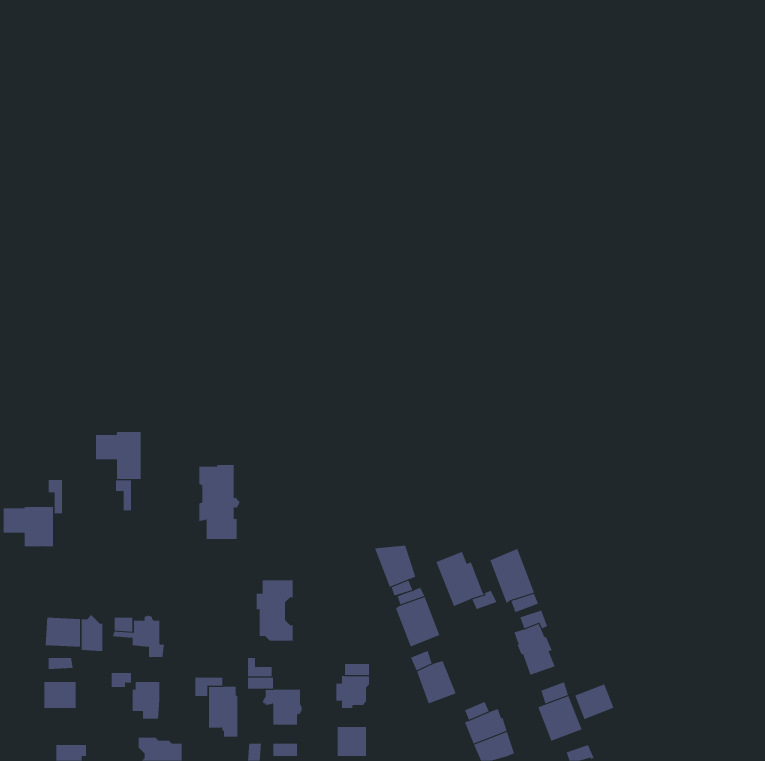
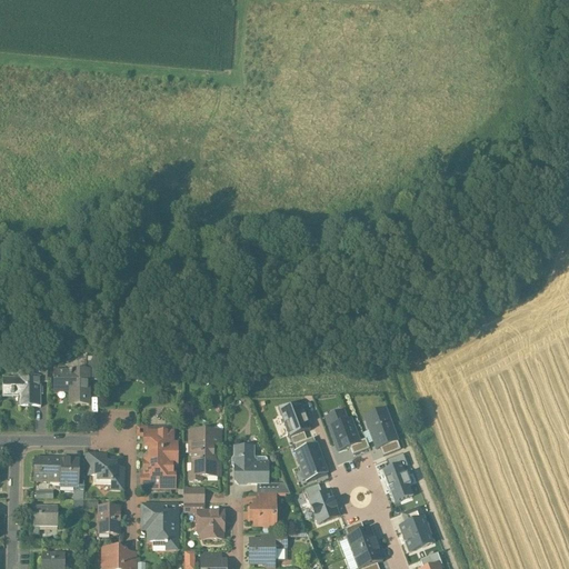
building: [95,431,142,479] -> [53,368,88,403]
building: [198,465,240,540] -> [144,431,176,487]
building: none -> [231,447,267,482]
building: [575,683,614,720] -> none

